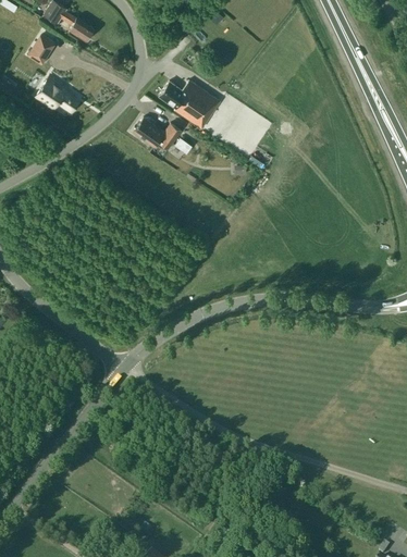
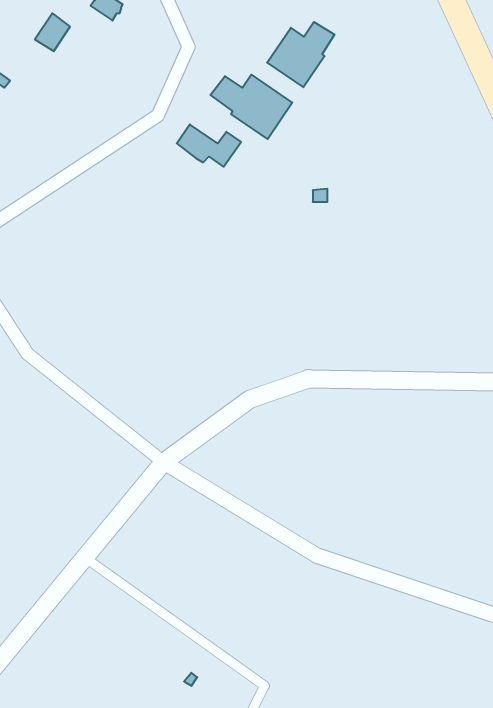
building: none -> [267,22,334,87]
building: [35,76,77,111] -> none

